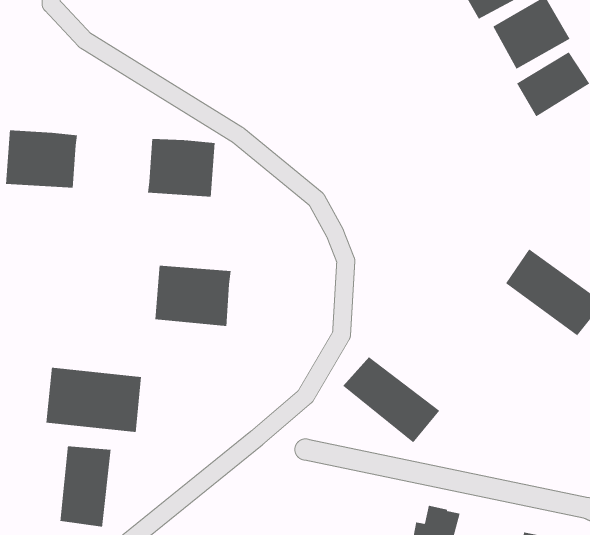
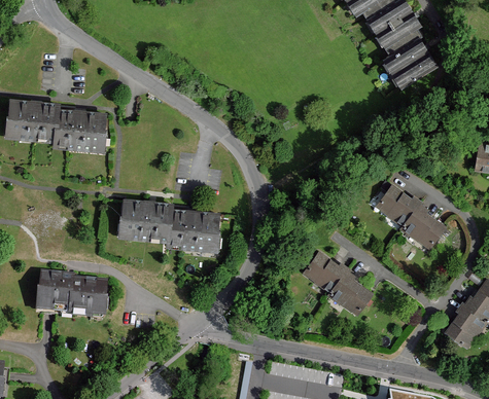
building: [147,139,216,197] -> [56,108,106,151]
building: none -> [169,211,220,251]
building: [342,357,440,443] -> [303,252,375,316]
building: [60,446,111,527] -> none

